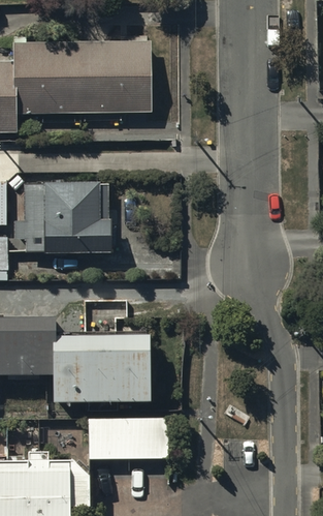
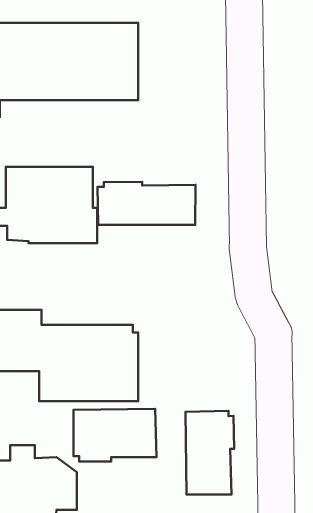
building: none -> [98,182,196,225]
building: none -> [185,411,234,495]

